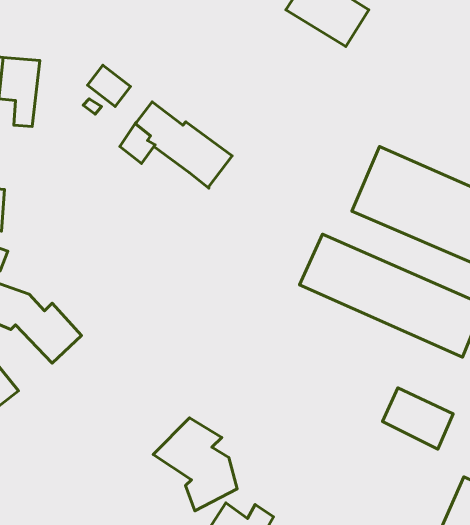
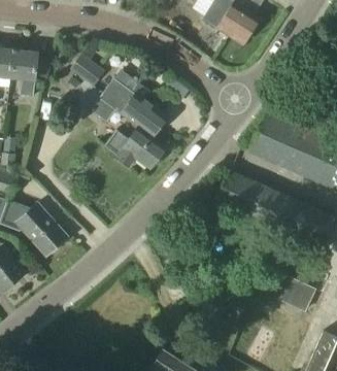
building: none -> [106,127,166,168]
building: [153,418,237,511] -> none

